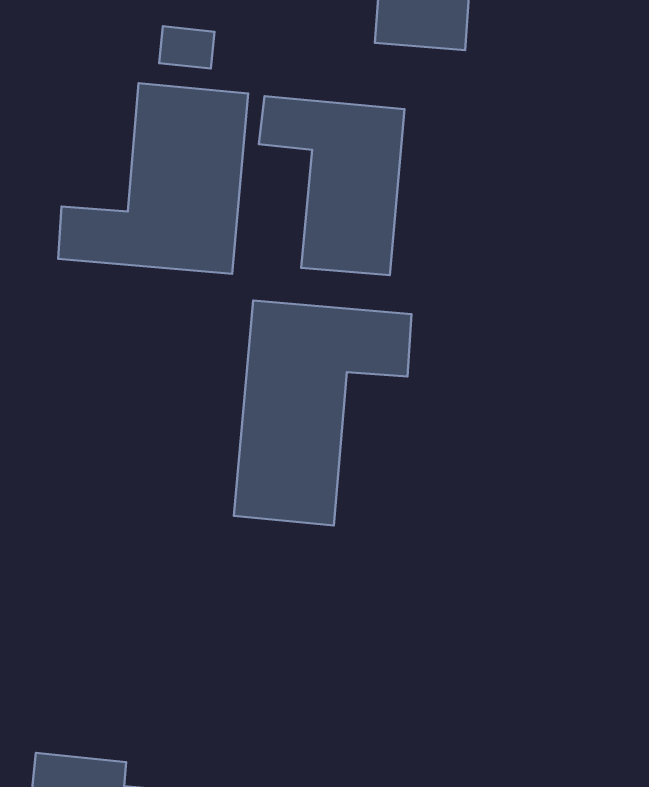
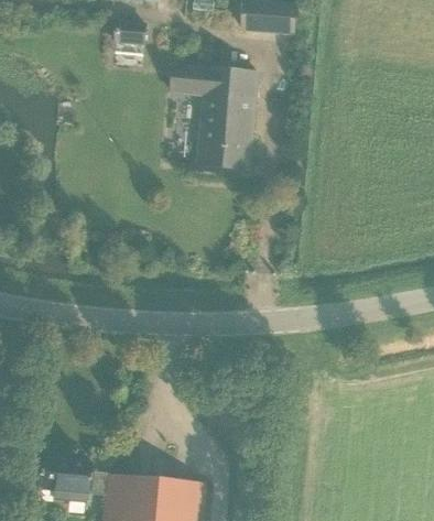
building: [58,83,248,274] -> none
building: [234,301,412,525] -> none

